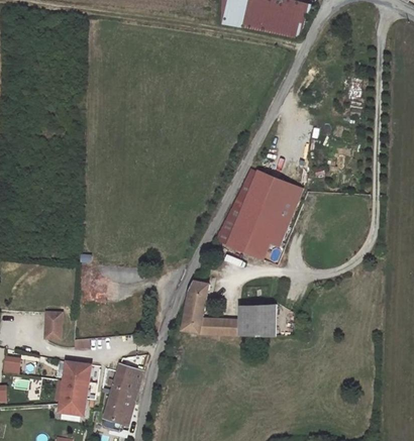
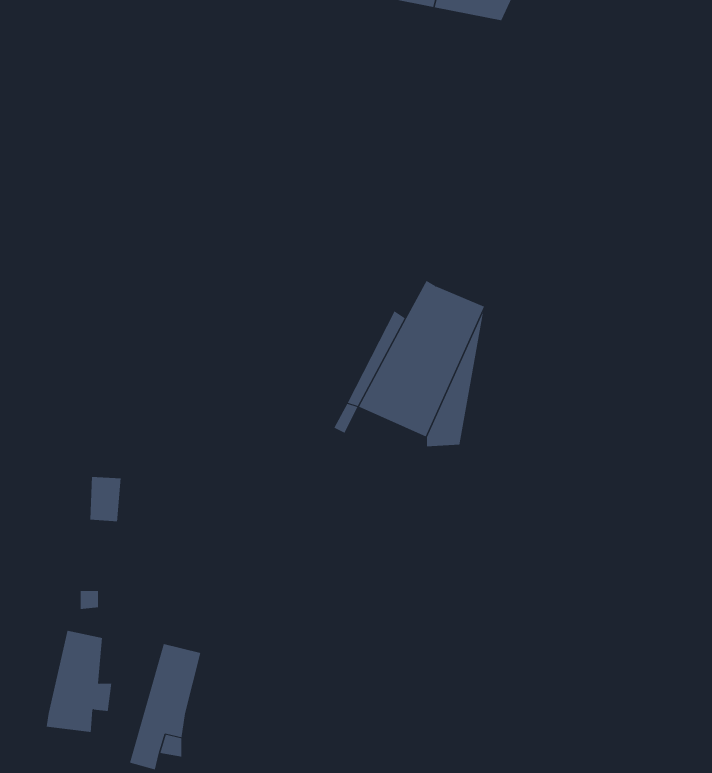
building: [187,279,283,331] -> none
building: [40,314,58,338] -> [89,476,122,522]

